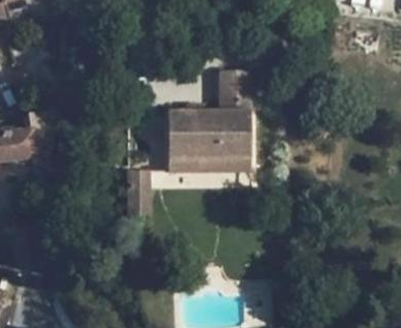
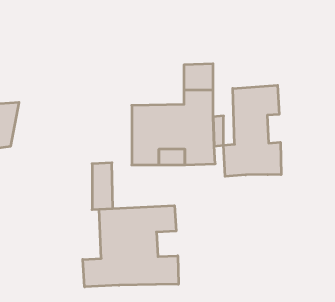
building: none -> [224,85,281,176]
building: none -> [83,206,178,287]

